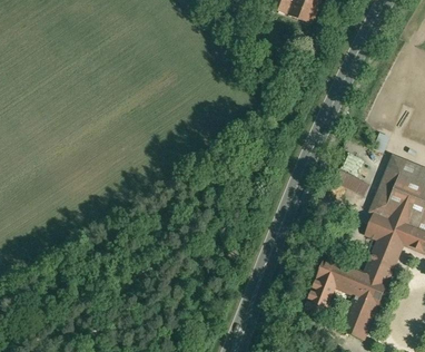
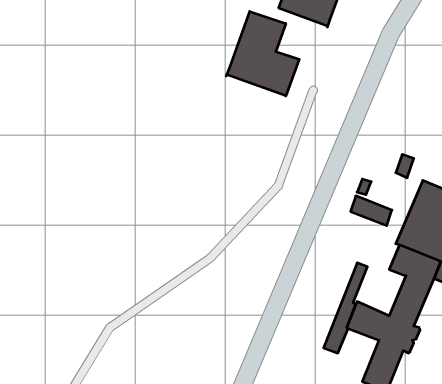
building: none -> [226,11,299,96]

